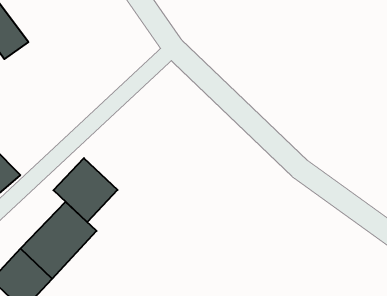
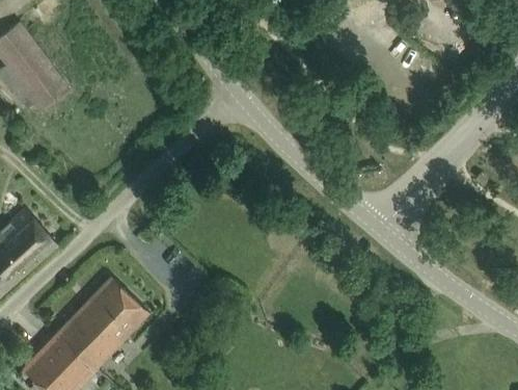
building: [53,158,118,222] -> none

